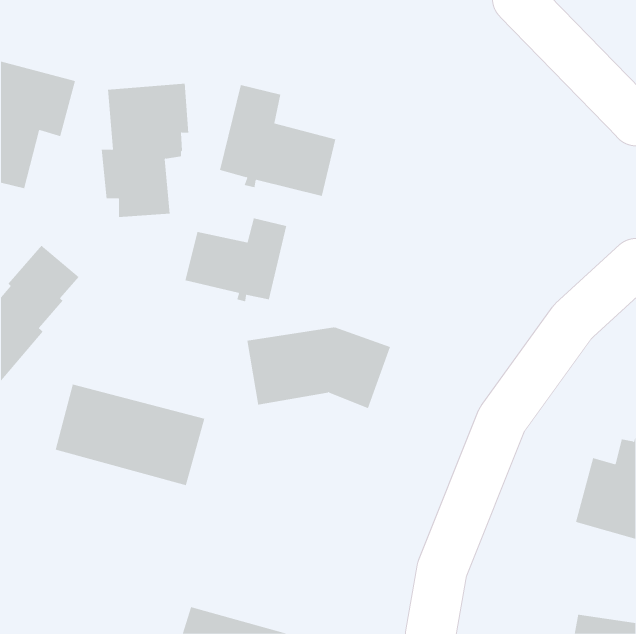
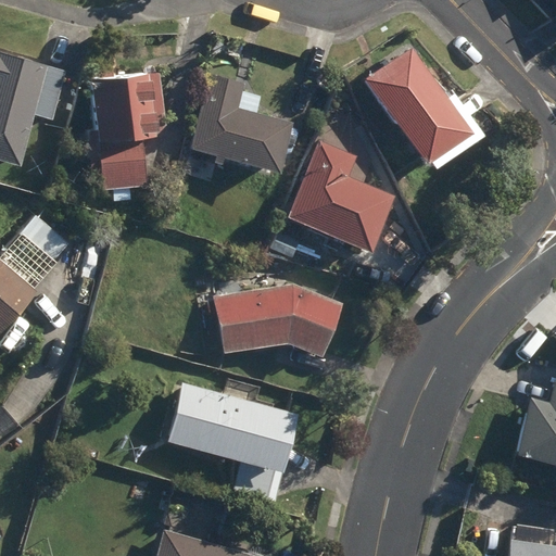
building: none -> [367,47,484,169]
building: none -> [289,141,395,251]
building: [185,217,287,302] -> none
building: [55,384,205,486] -> [168,383,300,472]

